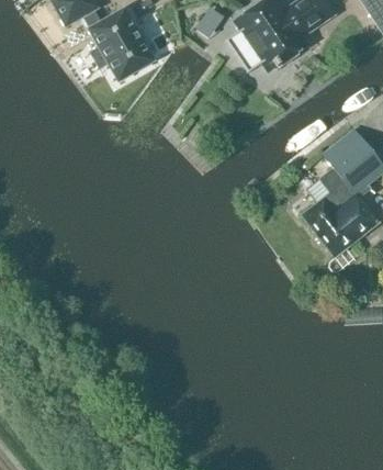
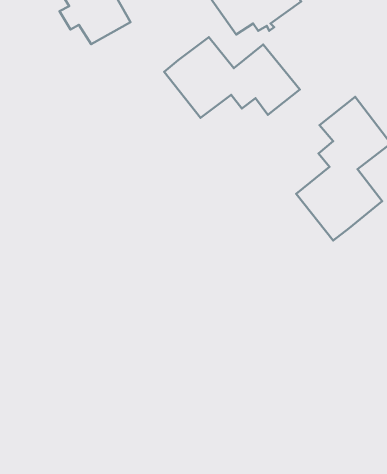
building: none -> [164,37,300,118]

